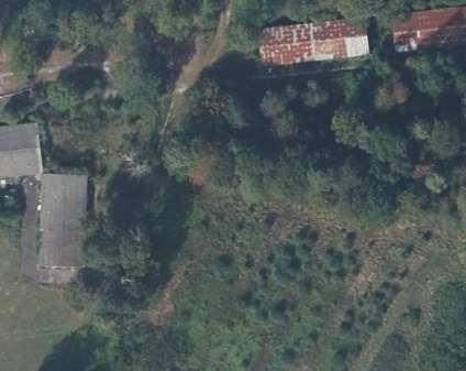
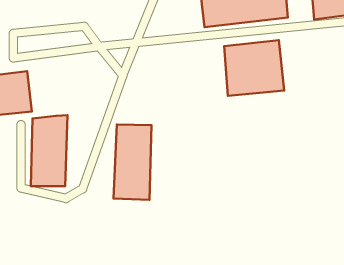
building: none -> [224,40,284,96]
building: none -> [114,124,152,200]

